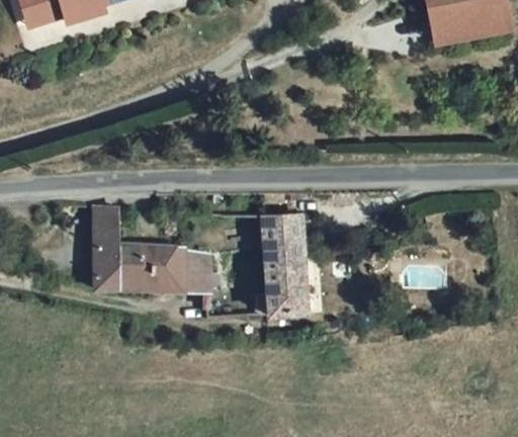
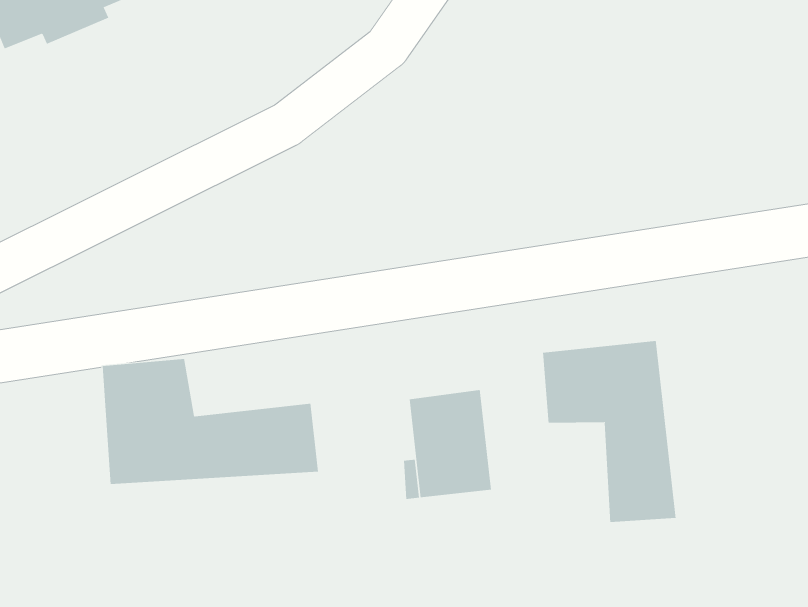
building: [259,215,300,254] -> none
building: none -> [542,340,676,523]

